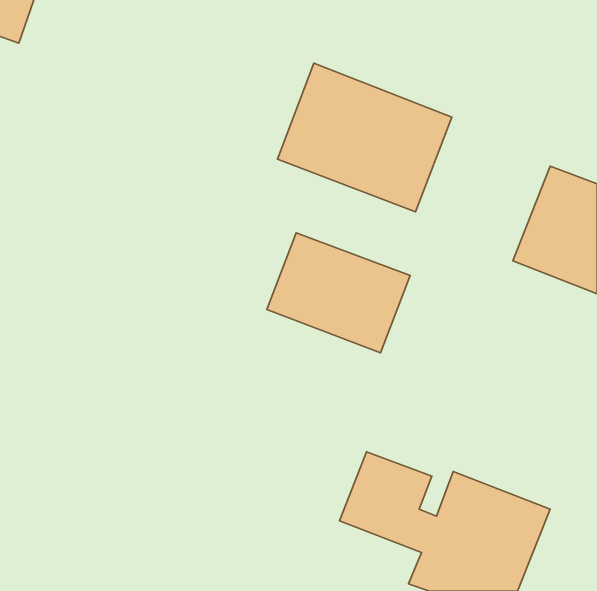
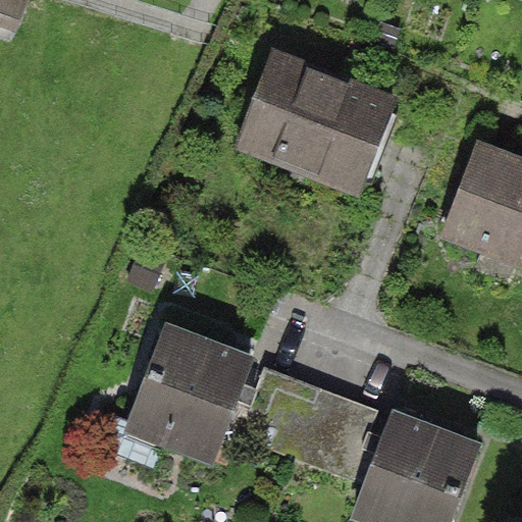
building: [267,233,410,353] -> none
building: none -> [102,325,319,465]

